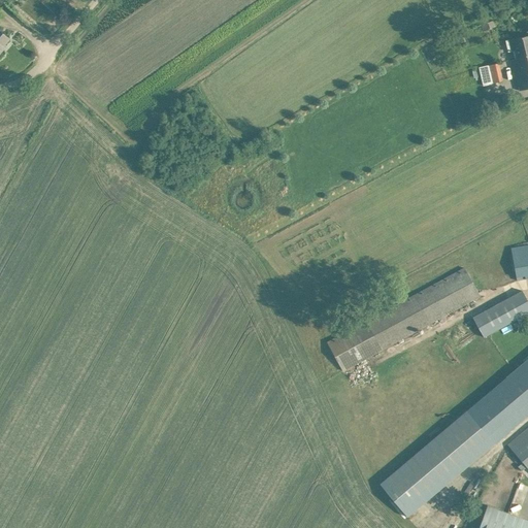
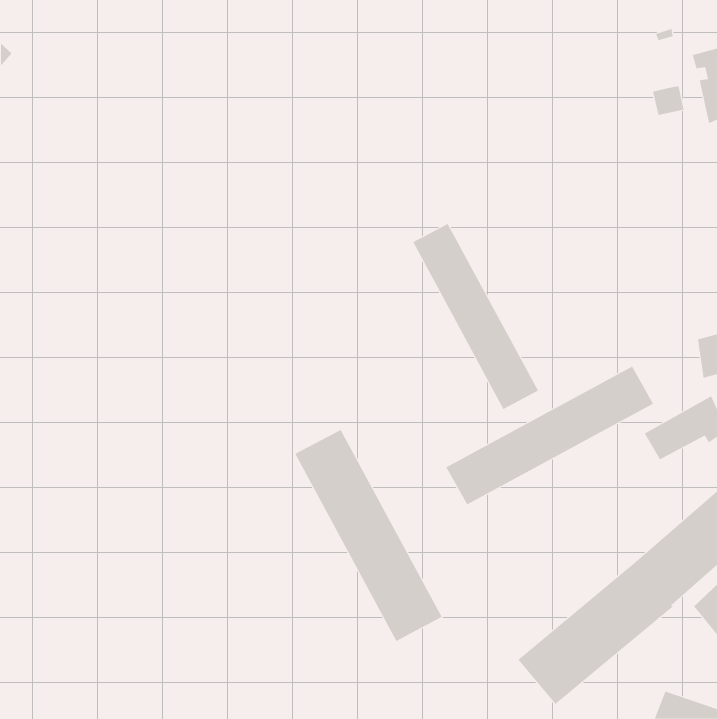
building: none -> [413,223,539,410]
building: none -> [295,429,442,642]

